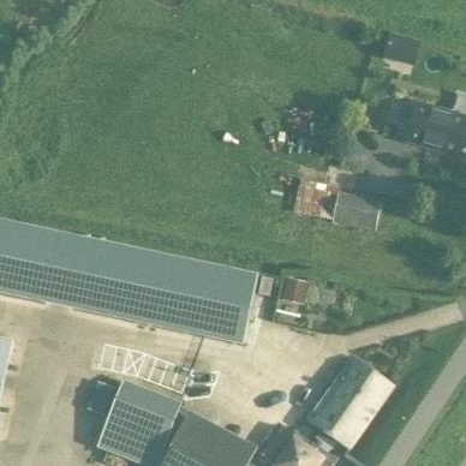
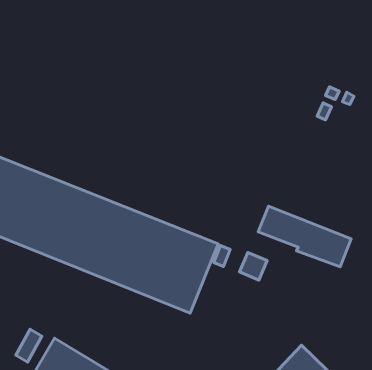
building: [292,185,380,231] -> [258,206,351,267]

